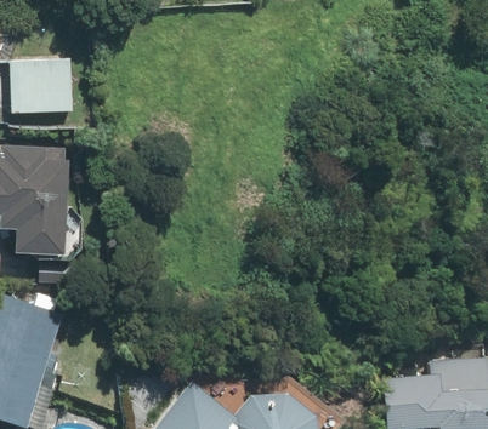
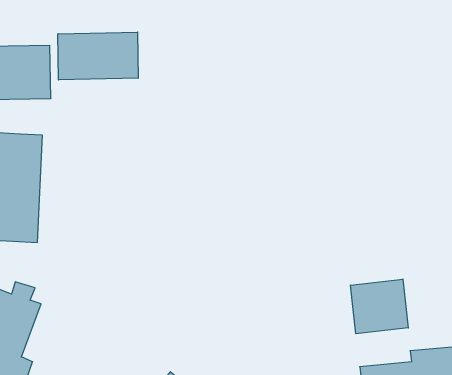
building: none -> [58,32,138,80]
building: none -> [351,279,408,334]

